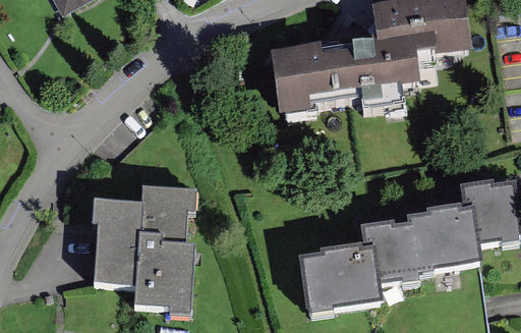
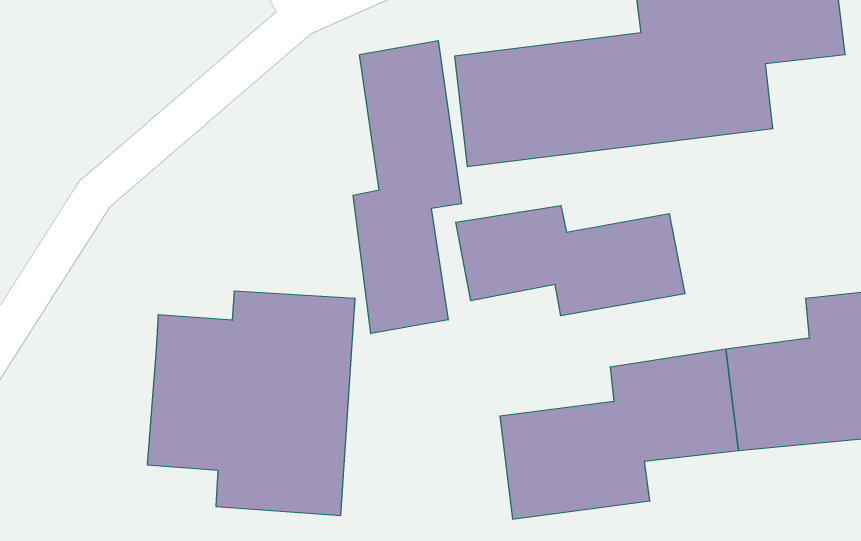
building: none -> [353,40,462,334]
building: none -> [456,206,685,316]

